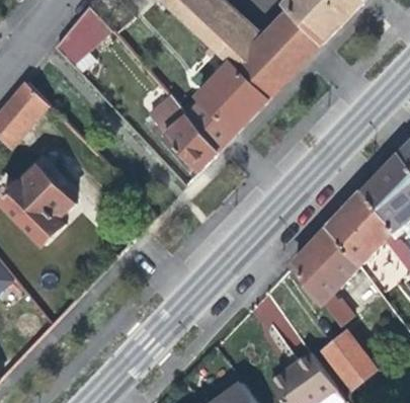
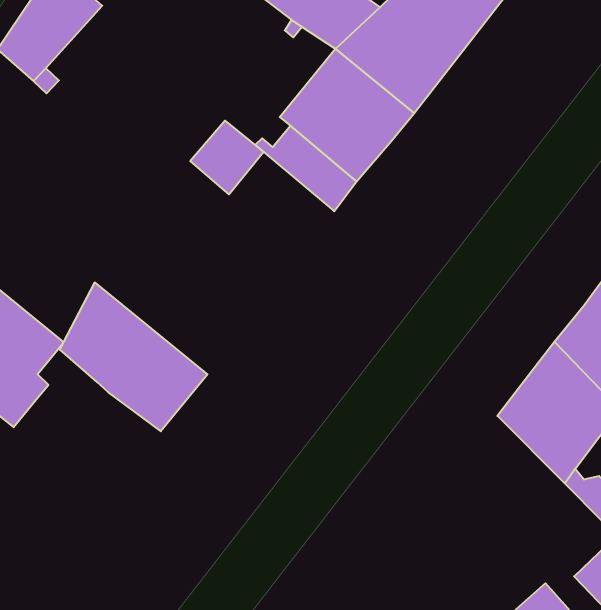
building: [166,113,220,167] -> none
building: none -> [60,282,207,431]

